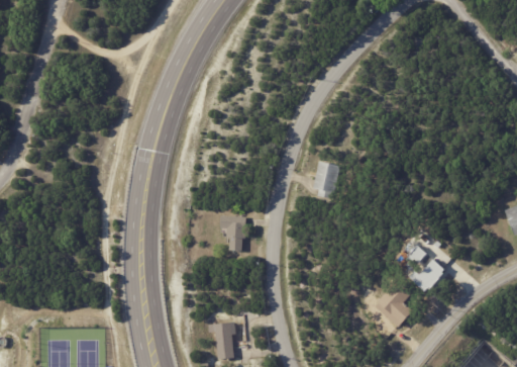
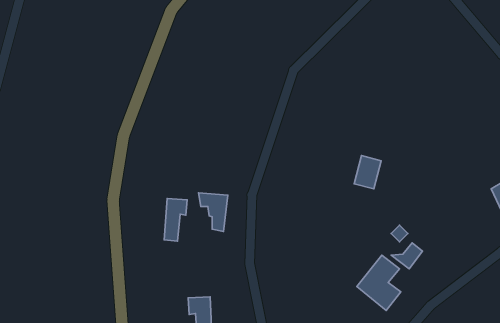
building: [317,161,343,193] -> [354,156,381,189]
building: none -> [164,198,187,241]

